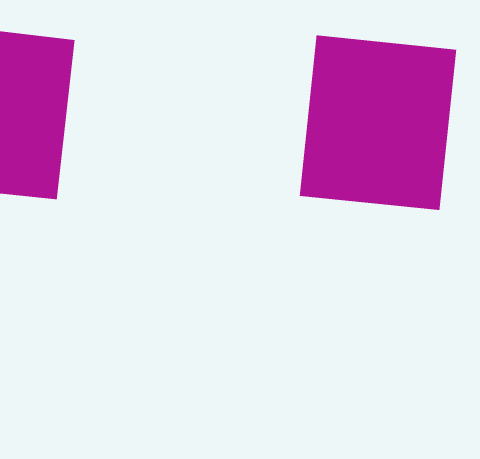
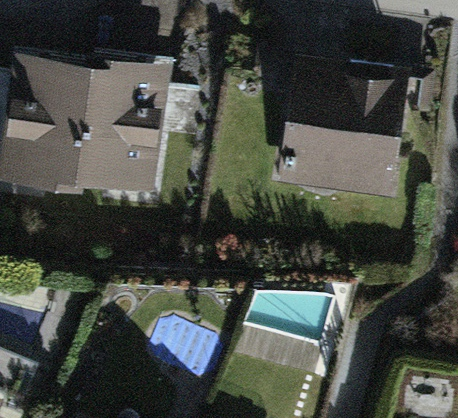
building: none -> [75,54,167,196]

